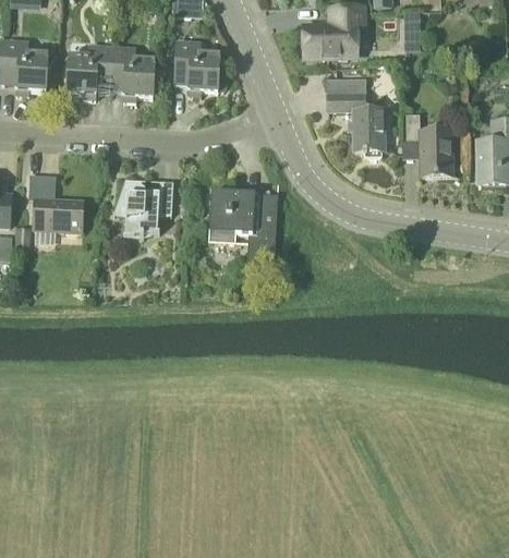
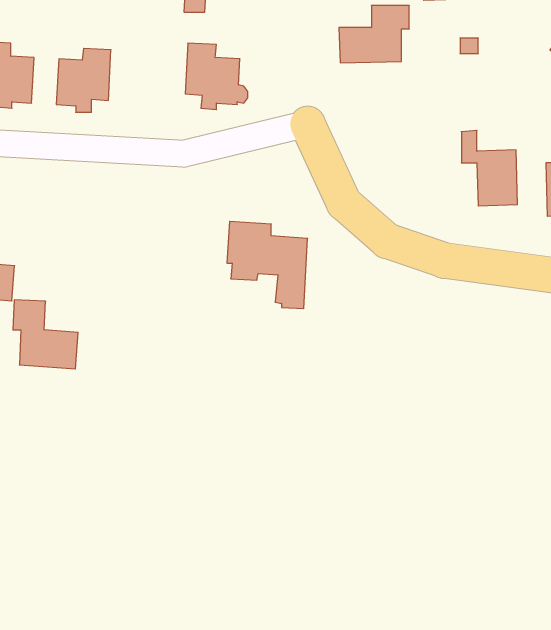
building: [110,46,155,101] -> none
building: [327,90,383,151] -> none
building: [28,173,83,231] -> [13,300,78,369]
building: [113,179,173,236] -> none

